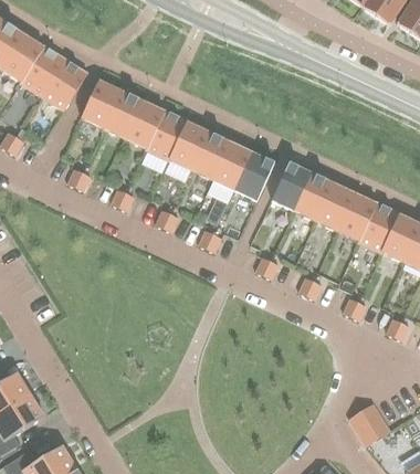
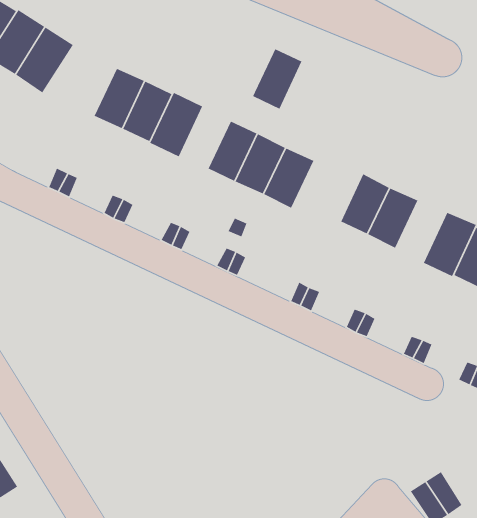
building: [81,80,120,128] -> none
building: [169,120,209,169] -> [251,47,303,110]
building: [272,162,312,210] -> none
building: [337,193,377,242] -> none

